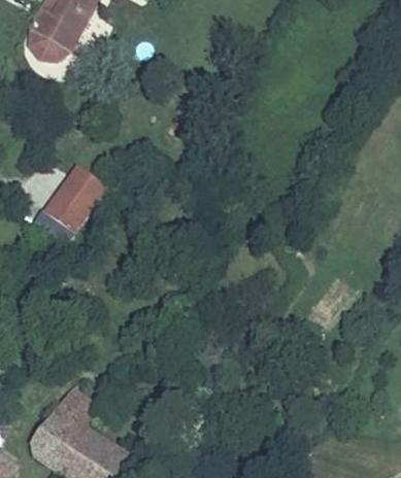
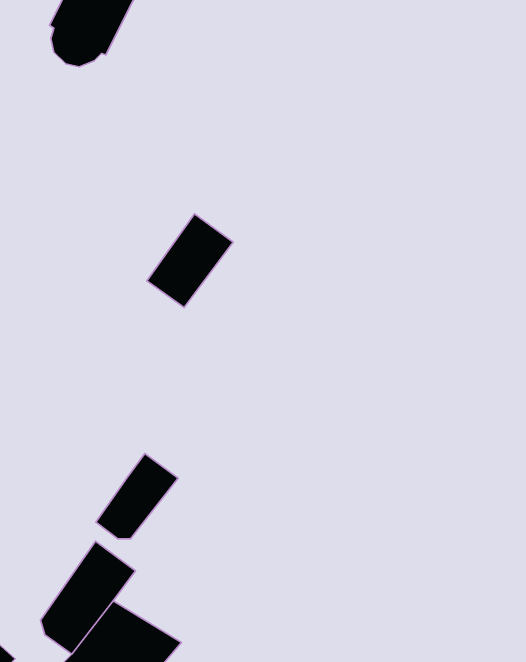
building: [38,163,98,228] -> [147,214,233,307]
building: none -> [96,453,178,539]

